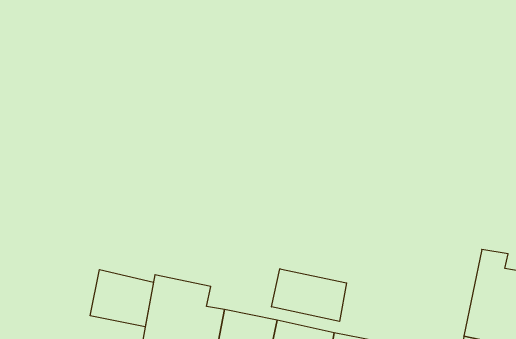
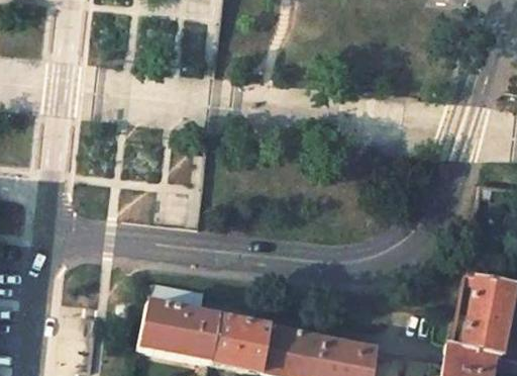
building: [272,269,347,321] -> none
building: [90,270,154,327] -> none

